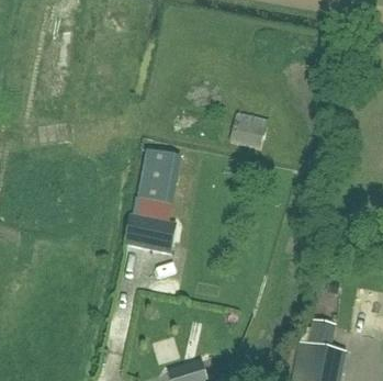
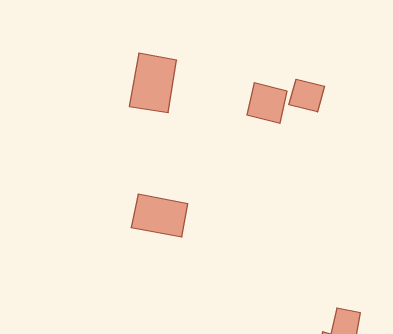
building: none -> [289,79,325,112]
building: [137,149,181,204] -> [129,53,177,112]

